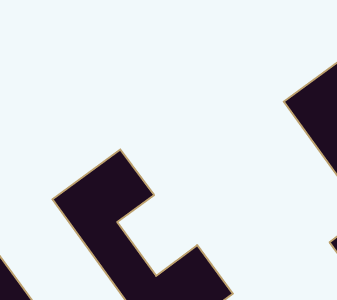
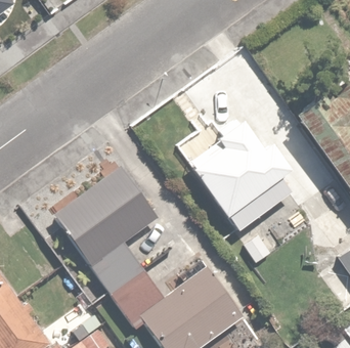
building: none -> [187,122,294,237]

